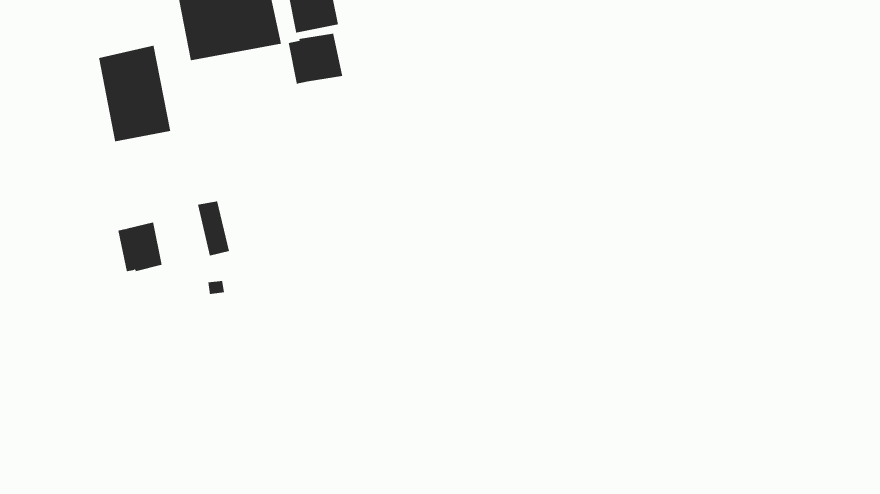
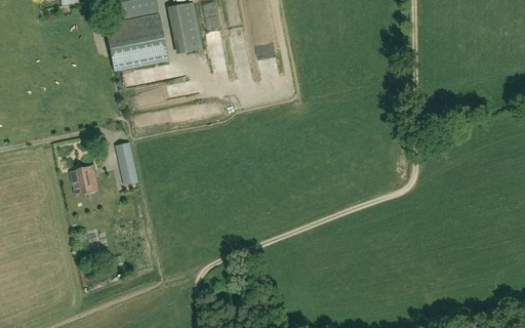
building: [288,33,343,85] -> none
building: [99,45,171,142] -> none

